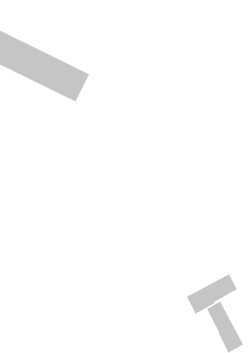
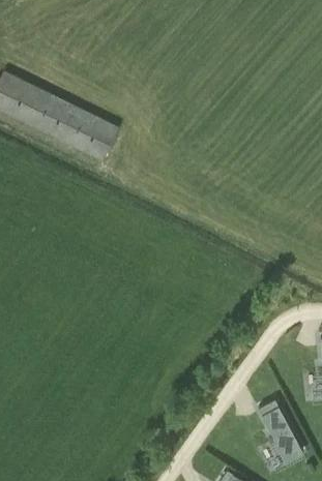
building: [186,274,237,315] -> none

